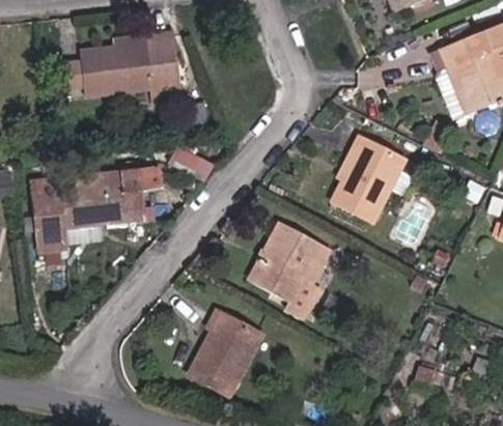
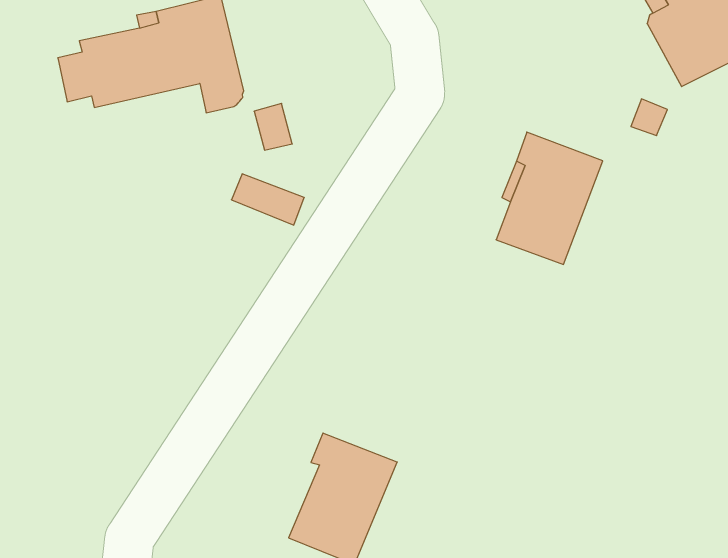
building: [37,168,151,246] -> none
building: [251,225,331,317] -> none

